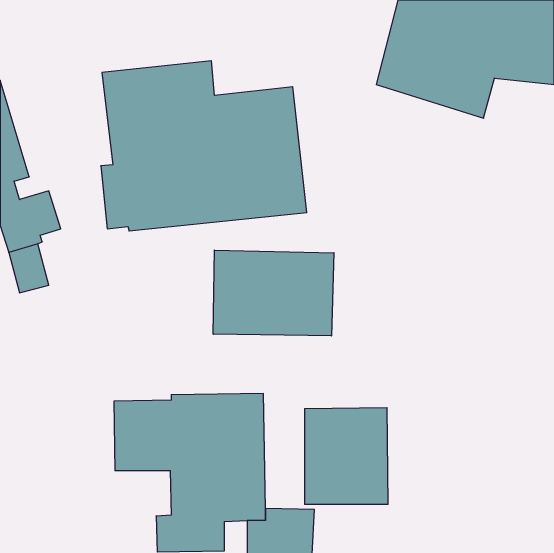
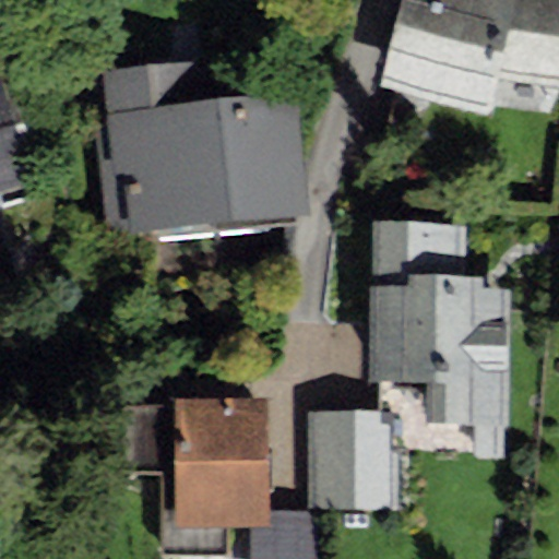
building: none -> [370,222,510,426]
building: [213,250,334,336] -> none

